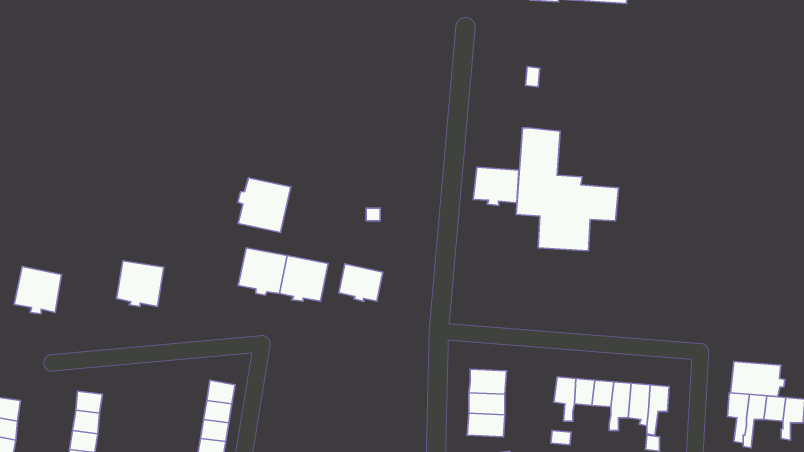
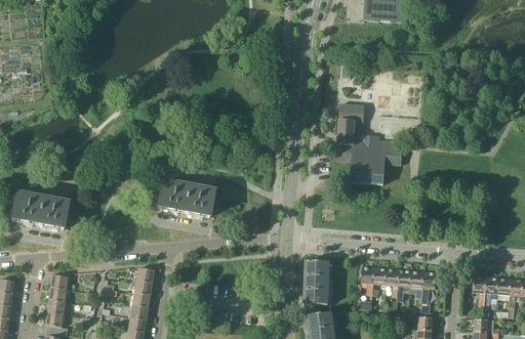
building: [473,167,519,205] -> none
building: [238,178,291,232] -> none
building: [117,261,164,306] -> [37,199,68,228]
building: [339,264,383,301] -> none
building: [731,362,785,396] -> none

